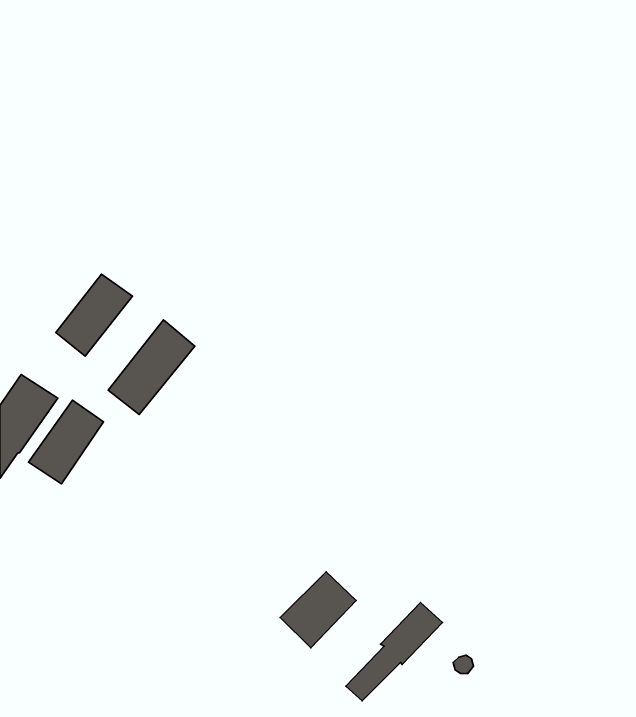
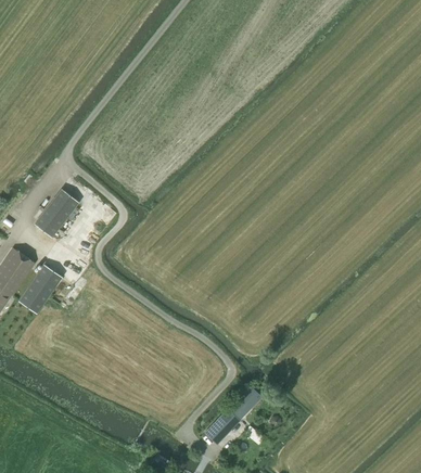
building: [108,320,195,414] -> none
building: [280,572,356,648] -> none

